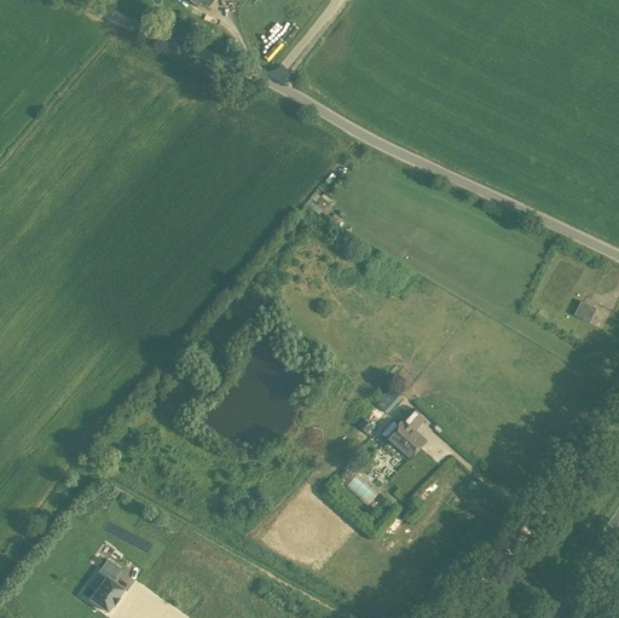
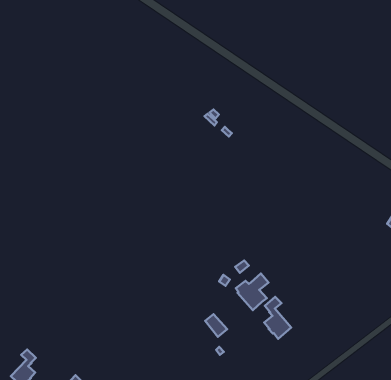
building: none -> [264,297,291,339]

